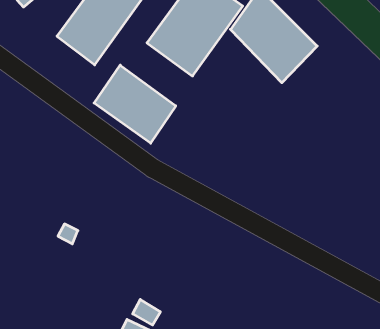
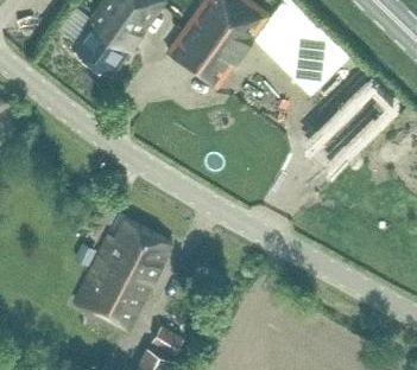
building: [94,65,176,143] -> none
building: none -> [72,219,170,330]

